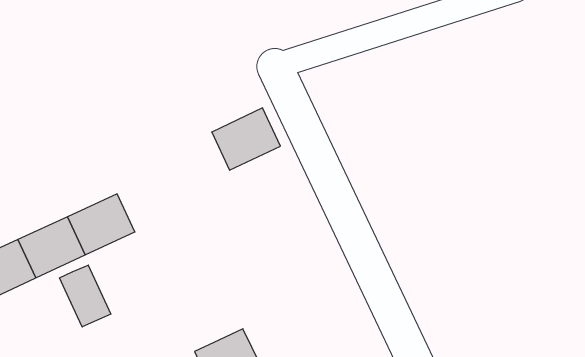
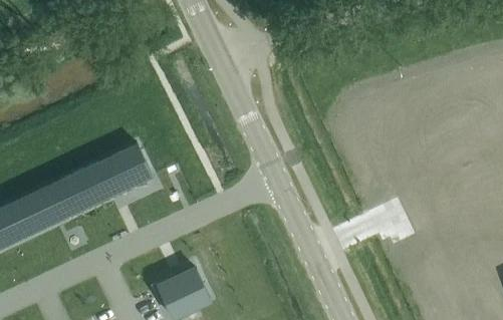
building: [212,108,280,170] -> [96,146,151,196]
building: [60,265,111,327] -> none

